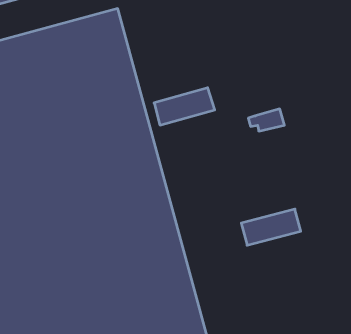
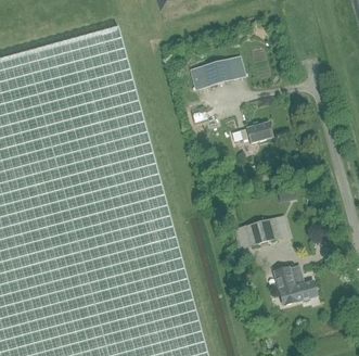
building: [154,88,215,125] -> [190,55,246,90]
building: none -> [274,267,317,305]

